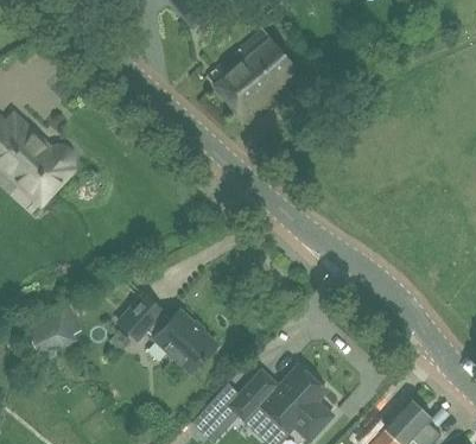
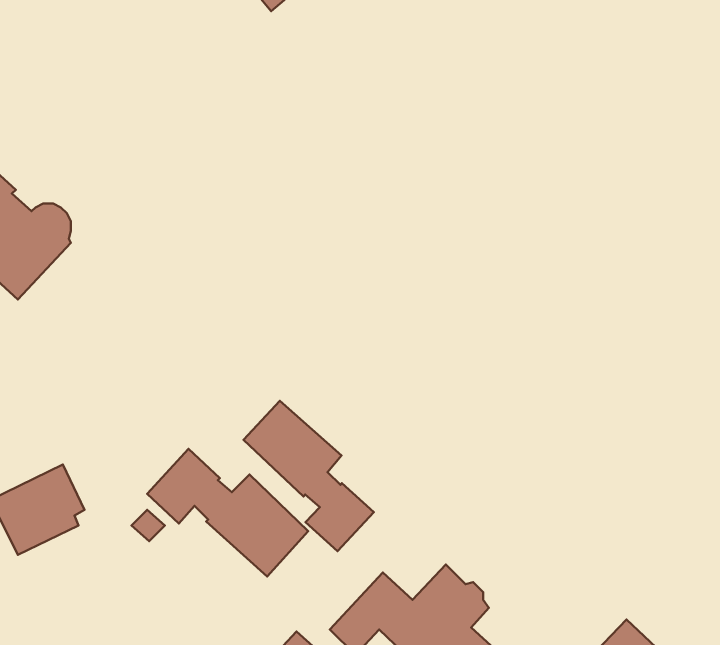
building: [207,30,300,122] -> none
building: none -> [243,401,374,551]

